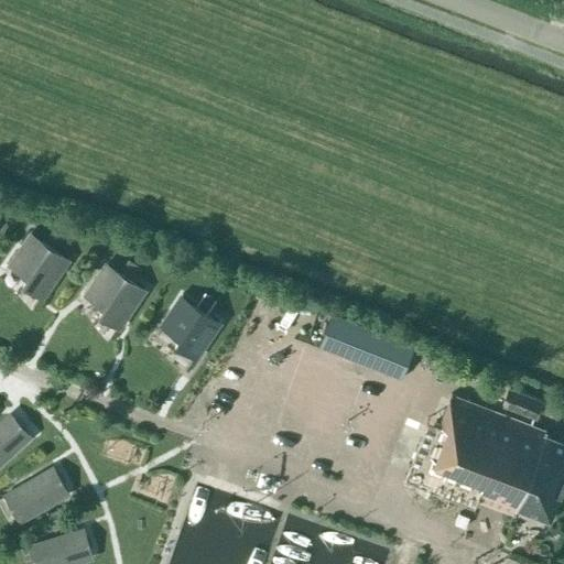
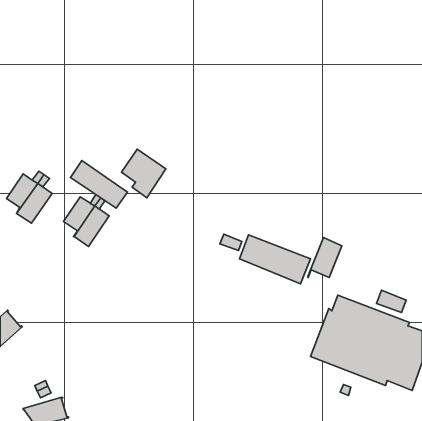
building: none -> [71,161,127,208]
building: [161,295,220,360] -> [121,149,166,198]
building: none -> [308,237,342,277]
building: [6,469,67,518] -> none

